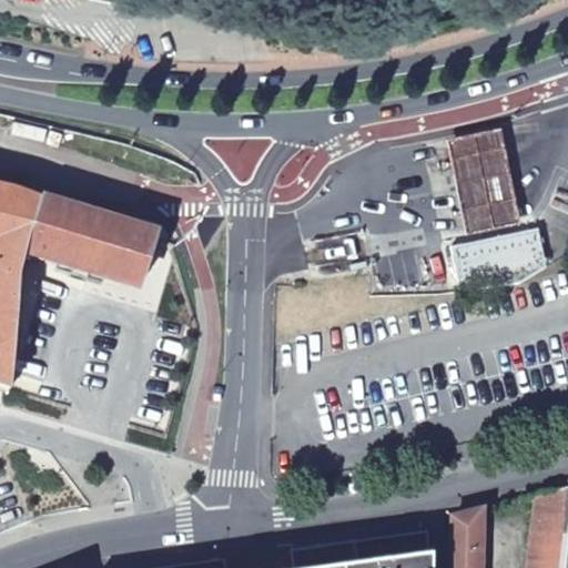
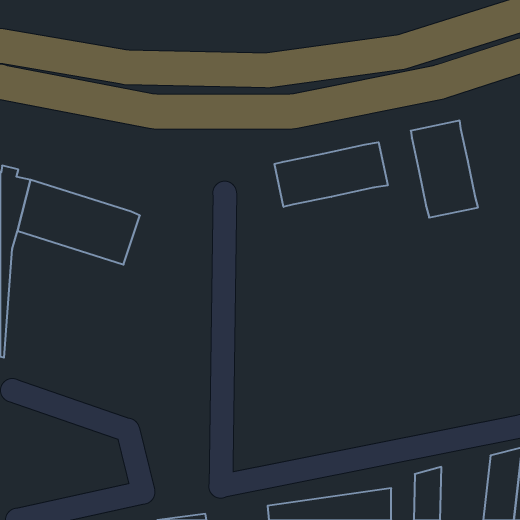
building: none -> [274,142,388,207]
building: [453,229,547,291] -> none

